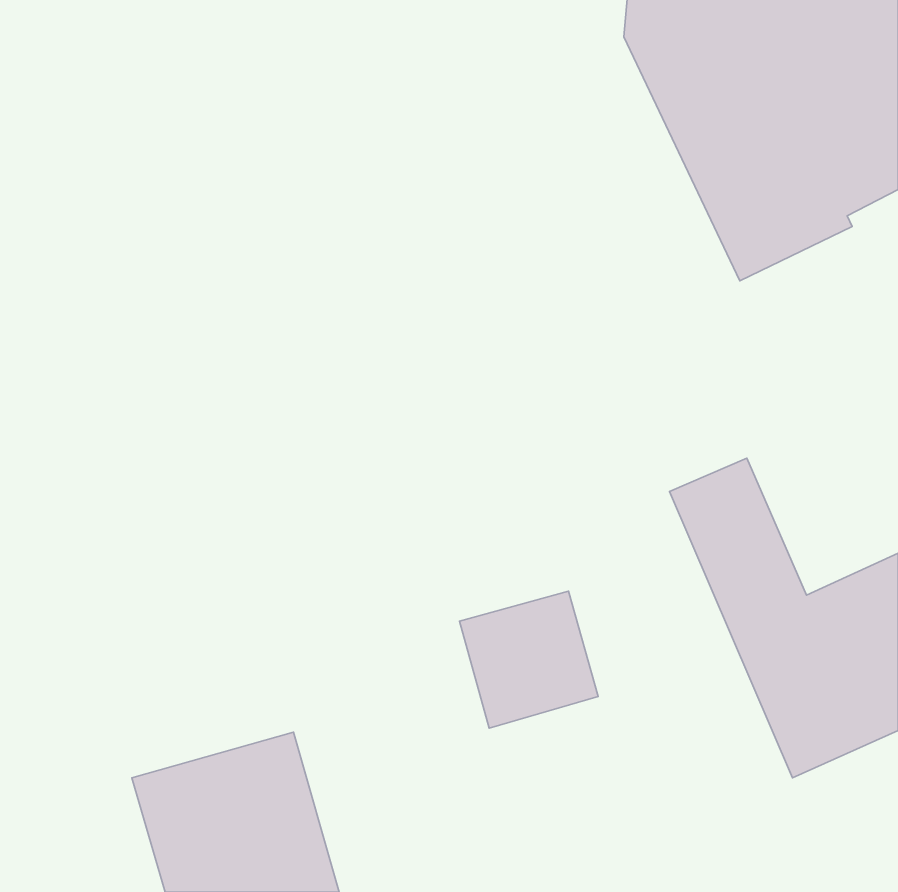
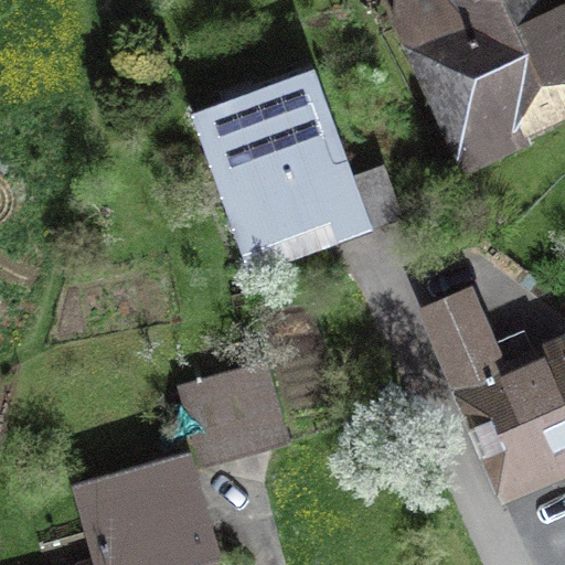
building: none -> [195,70,402,269]
building: [459,591,598,728] -> [190,367,277,454]

